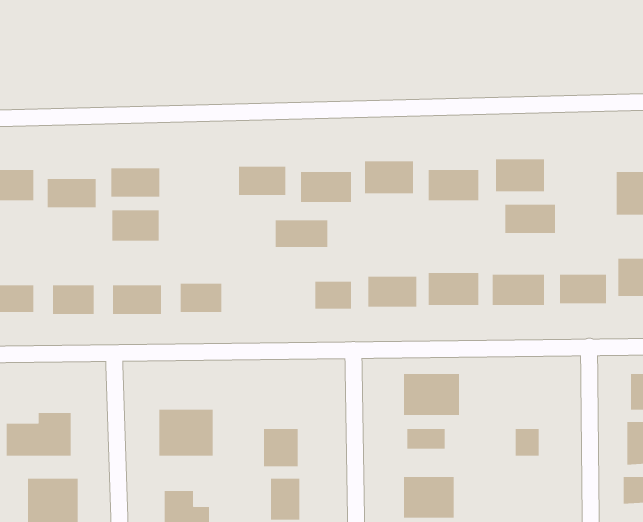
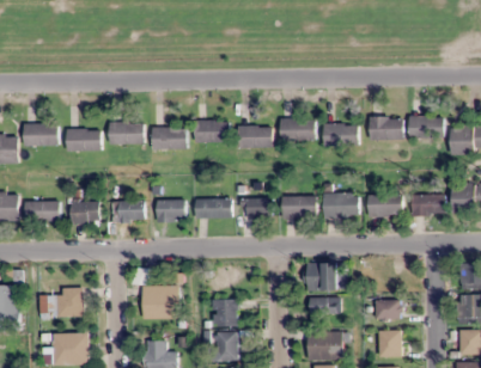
building: [505,204,556,234] -> [409,117,444,137]
building: [111,209,159,241] -> [153,128,185,149]
building: [275,219,328,248] -> [196,200,232,219]
building: none -> [377,330,407,351]

